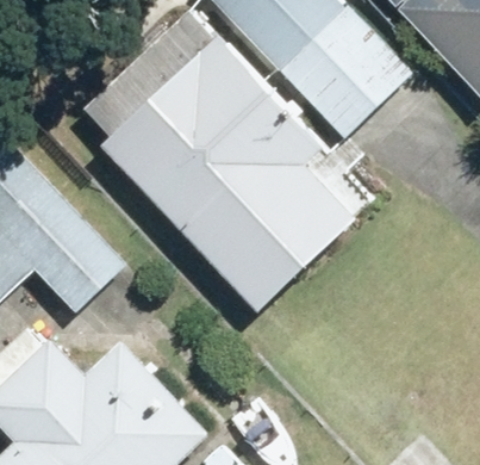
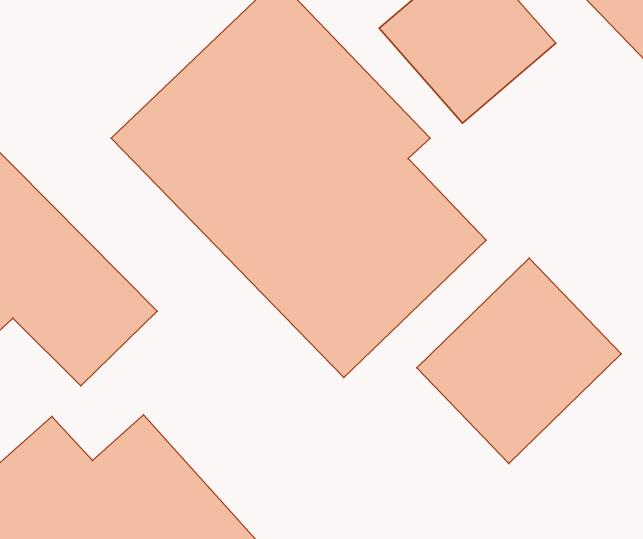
building: none -> [417,258,621,464]

